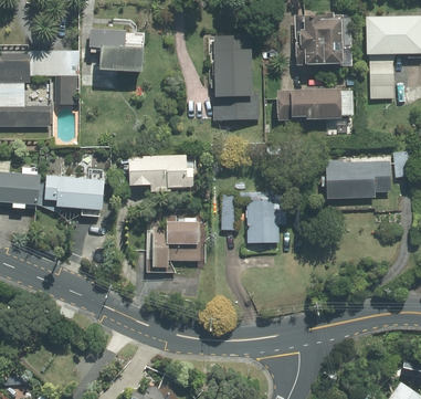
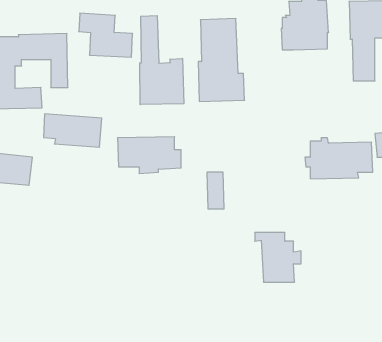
building: none -> [140,16,184,105]
building: [276,86,341,122] -> none
building: [44,177,104,211] -> [44,114,102,147]
building: [239,192,286,243] -> [255,233,301,282]
building: [152,216,200,269] -> none

